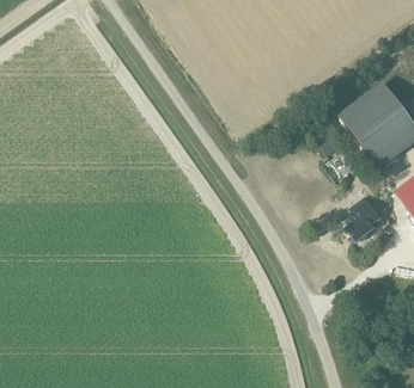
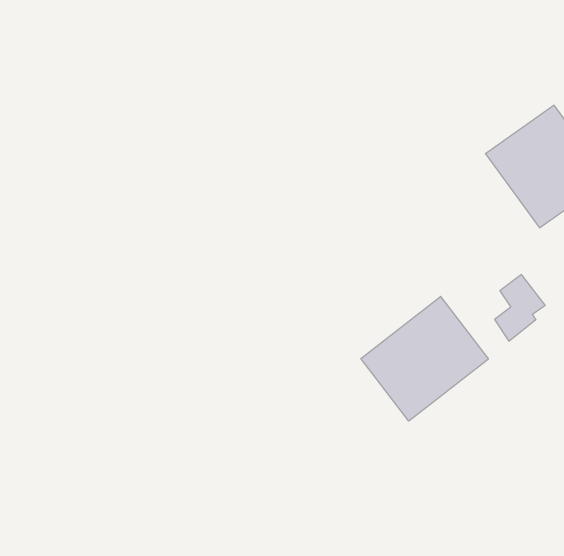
building: none -> [361,296,488,421]

